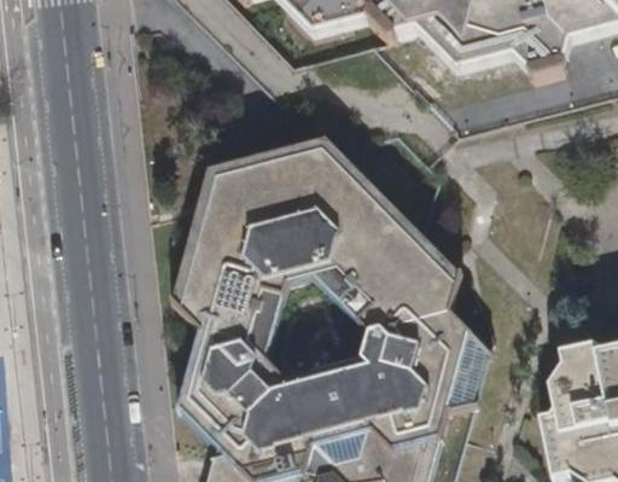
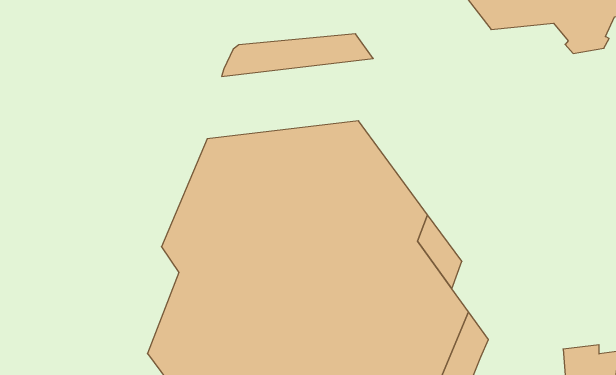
building: [208,140,345,196] -> [222,34,373,76]

